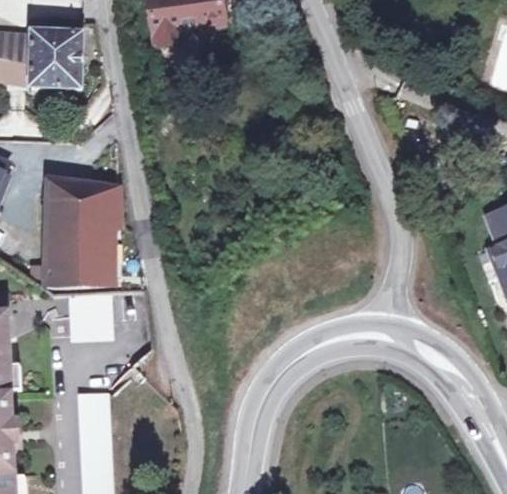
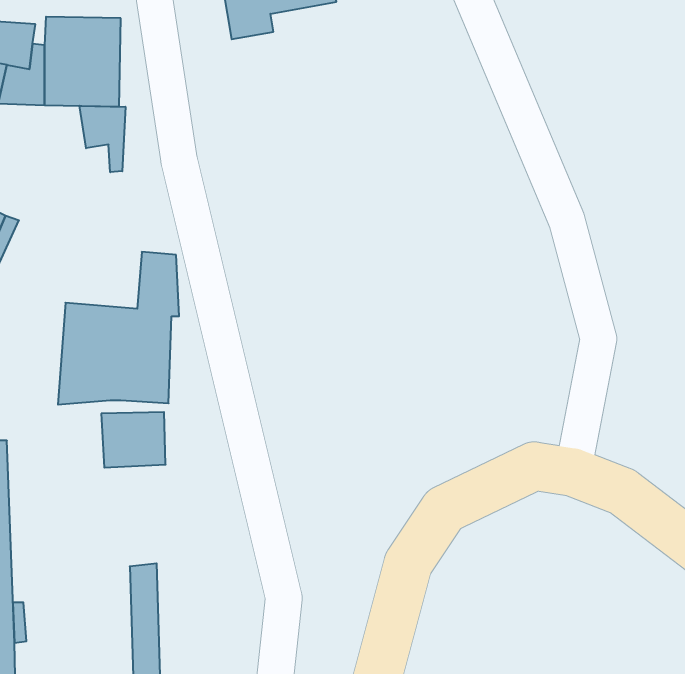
building: none -> [79,106,125,172]
building: [46,179,97,222] -> none

